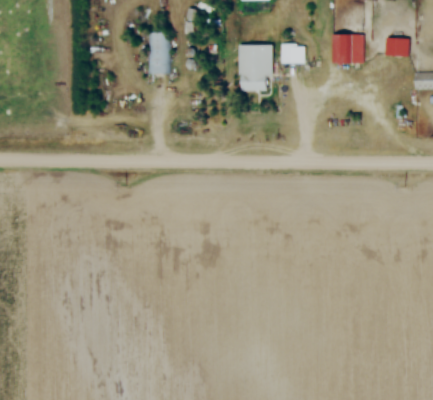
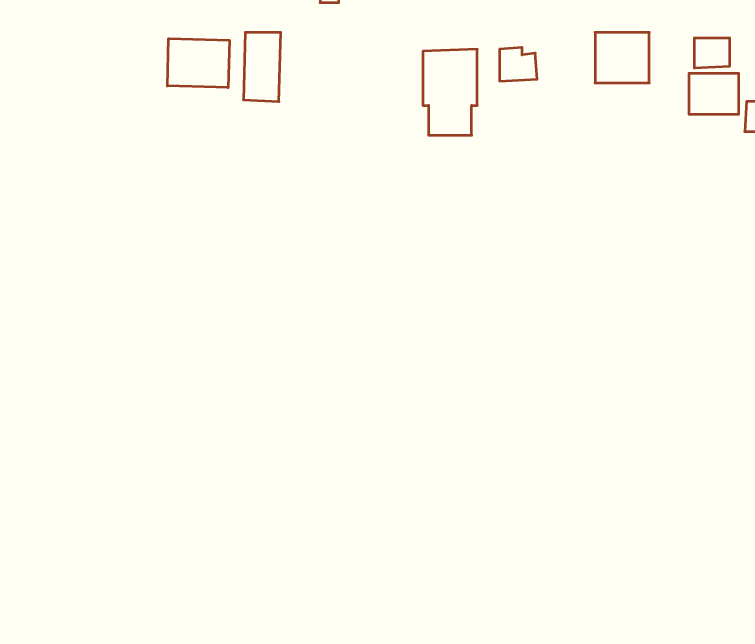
building: none -> [167,39,229,88]
building: none -> [689,73,739,114]

